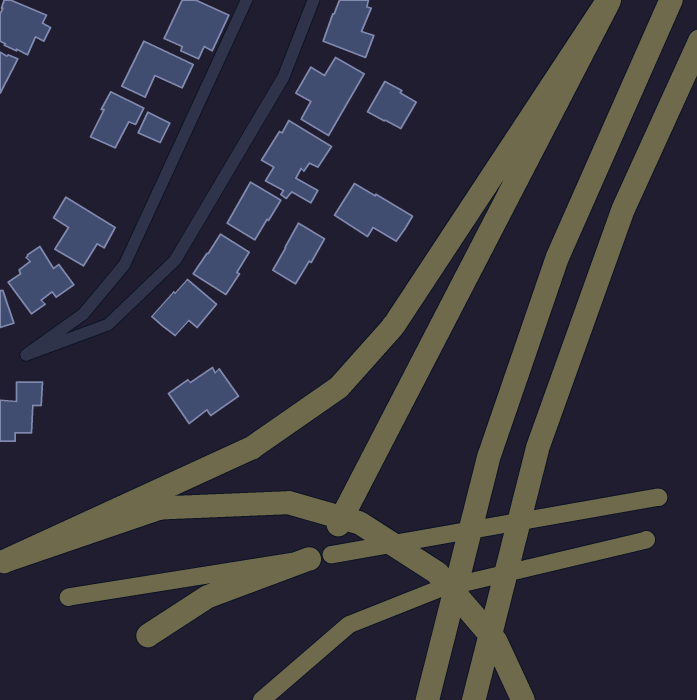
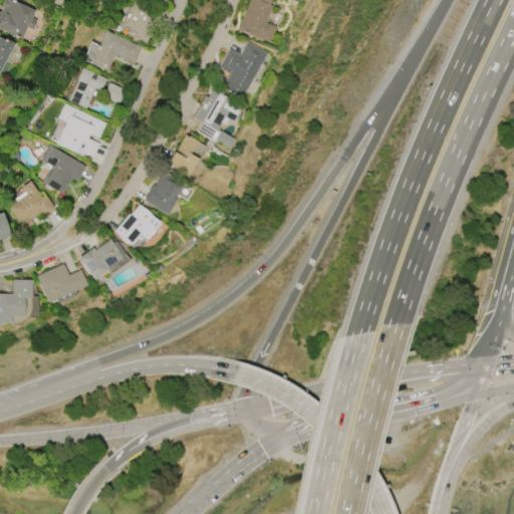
building: [367,81,416,129] -> none
building: none -> [57,103,106,161]
building: [335,184,413,241] -> none
building: [273,223,324,284] -> none
building: none -> [37,264,87,303]
building: [169,367,238,424] -> [79,239,131,280]

